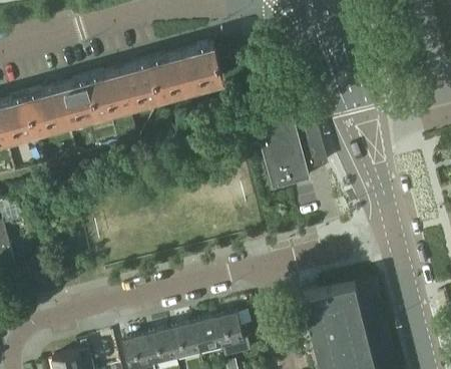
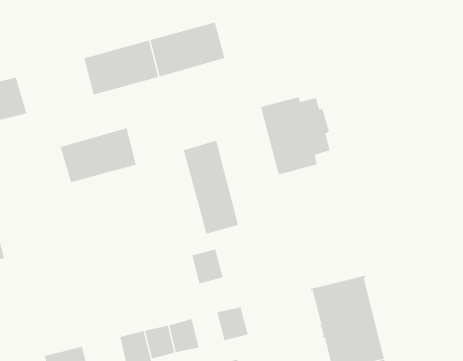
building: [26,80,98,132] -> [60,128,137,183]
building: none -> [183,140,239,235]
building: [191,320,221,353] -> [191,249,223,284]

